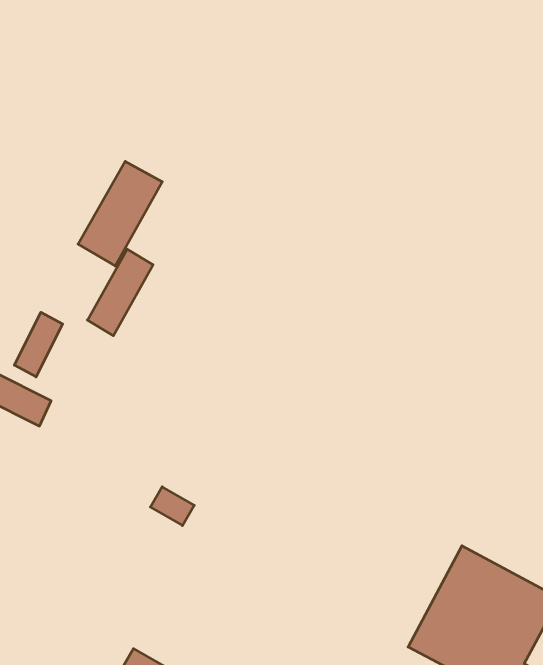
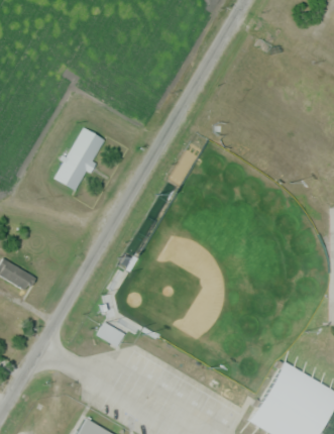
building: [87,249,153,336] -> none
building: [14,312,63,377] -> none

